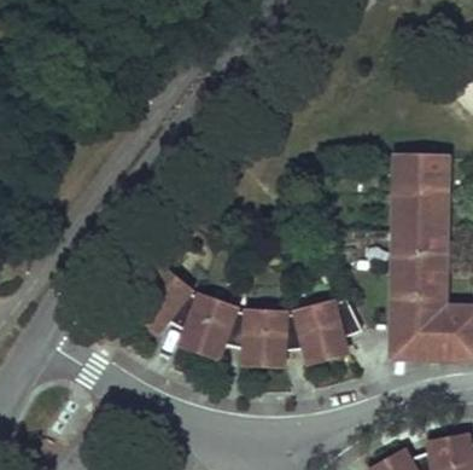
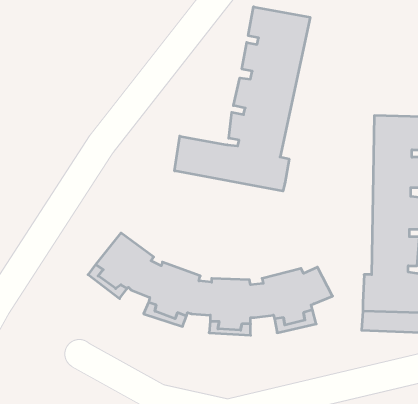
building: none -> [175,7,310,191]

